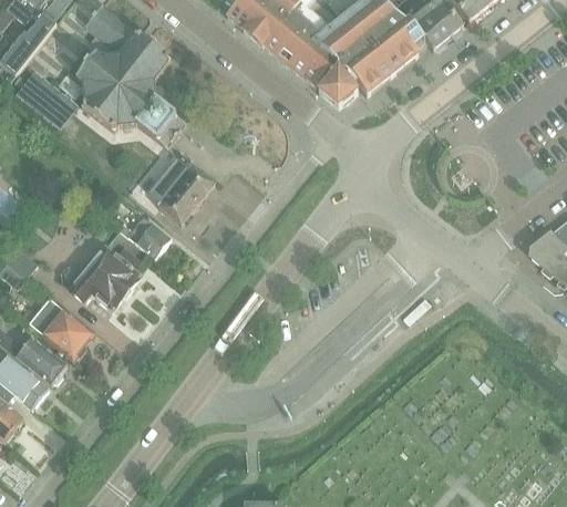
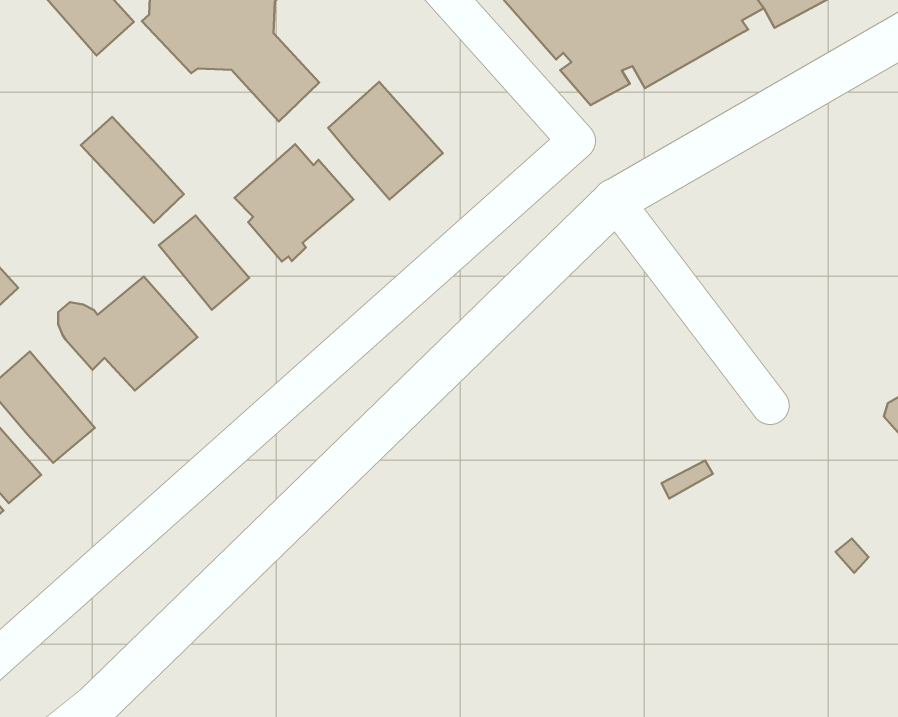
building: none -> [328,82,443,199]
building: none -> [81,117,184,223]

